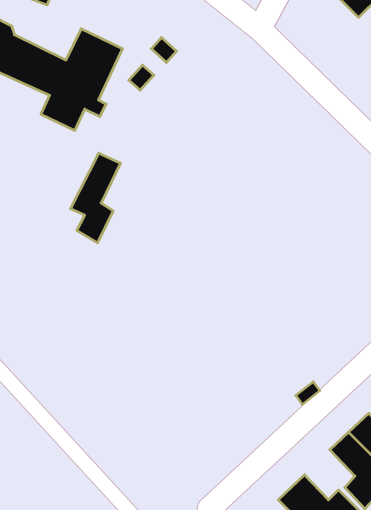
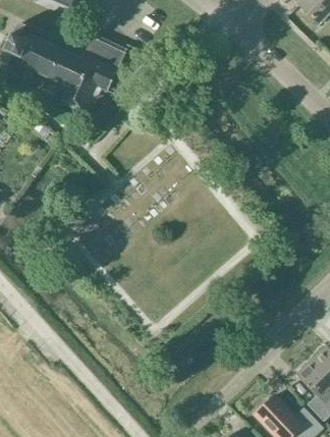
building: [70,153,121,243] -> none

